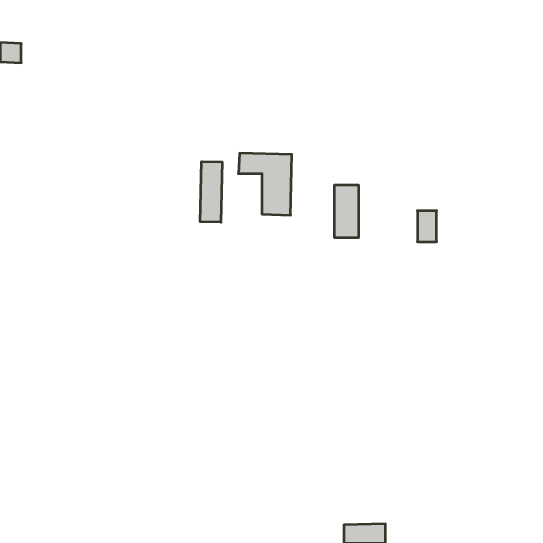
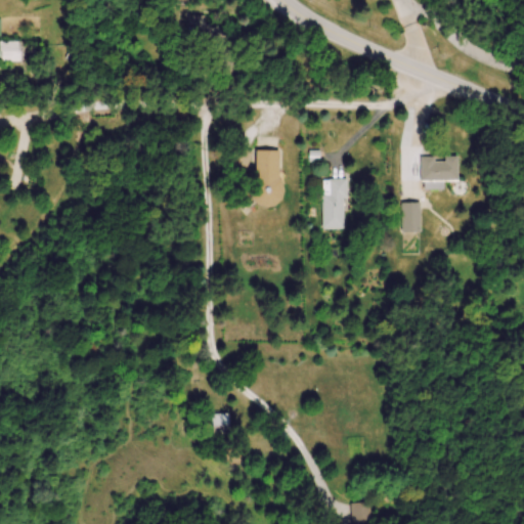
building: [200,162,222,222] -> none
building: none -> [424,157,457,189]
building: none -> [212,412,230,435]

